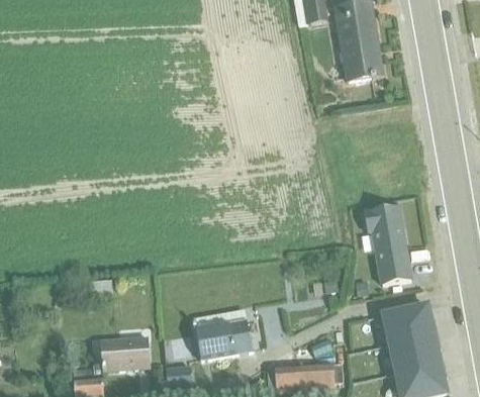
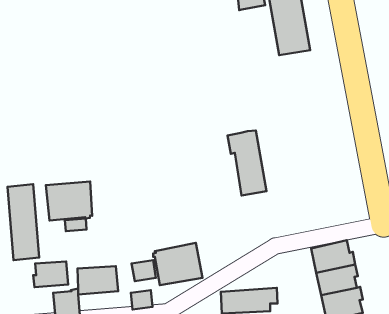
building: [364,205,411,284] -> [227,130,267,195]
building: none -> [46,182,92,220]
building: none -> [7,184,39,260]
building: none -> [33,261,68,287]

